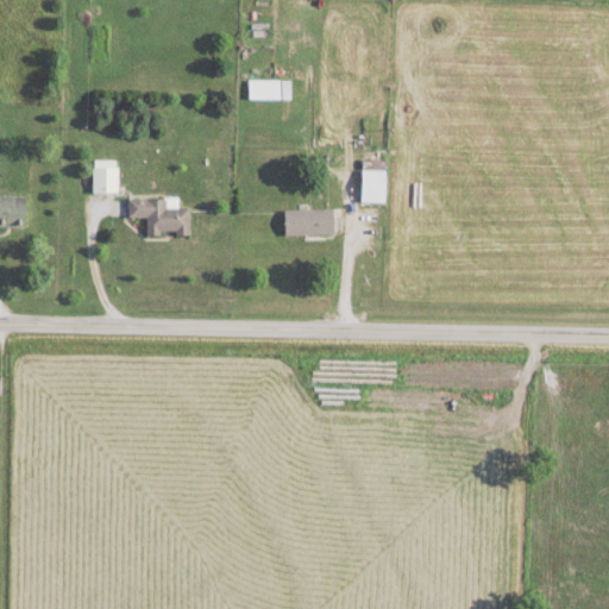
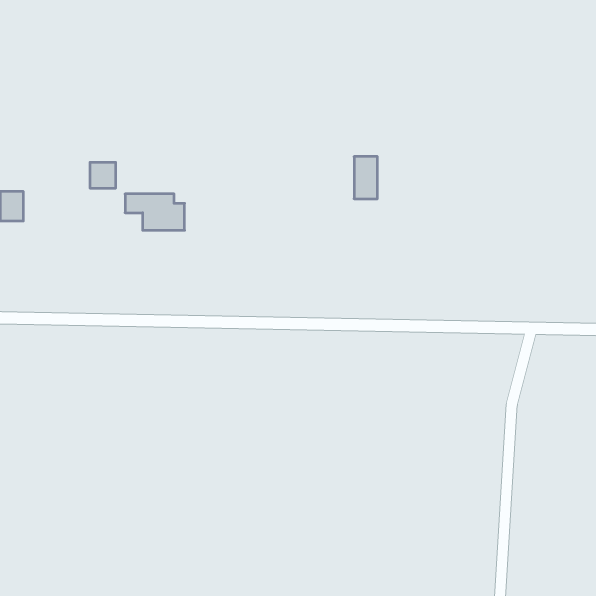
building: [249,80,280,100] -> none
building: [284,211,333,236] -> none

